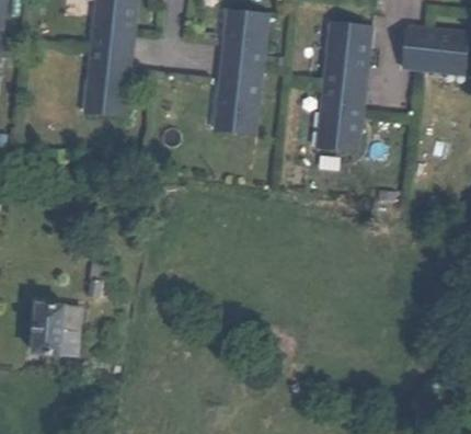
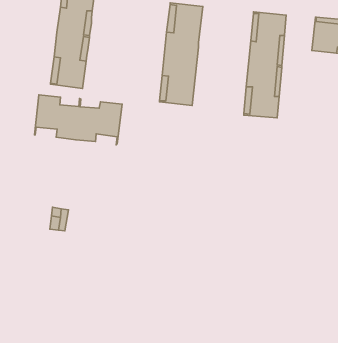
building: none -> [35,95,122,145]
building: [27,296,74,349] -> none

